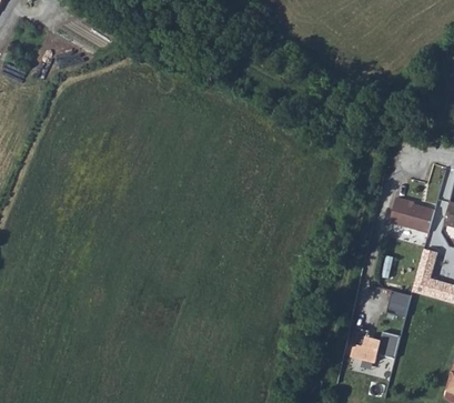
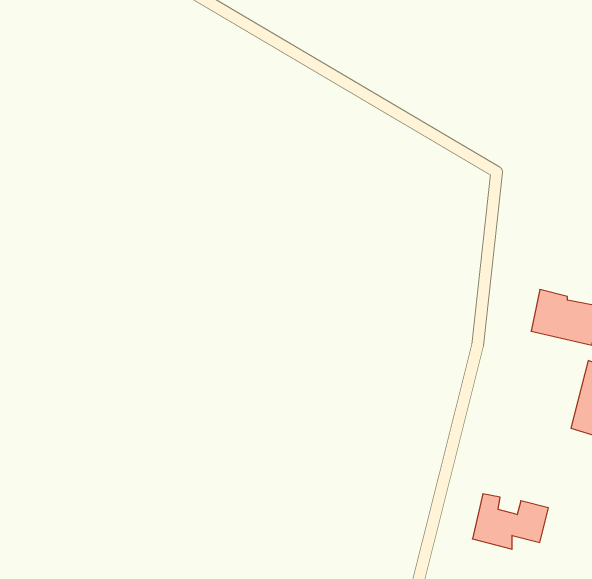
building: [385,288,410,315] -> none

